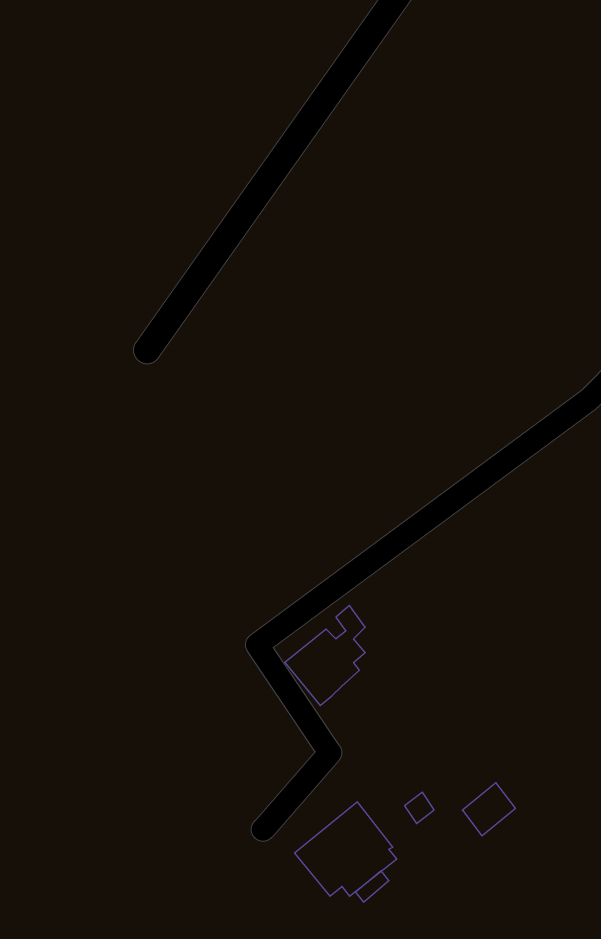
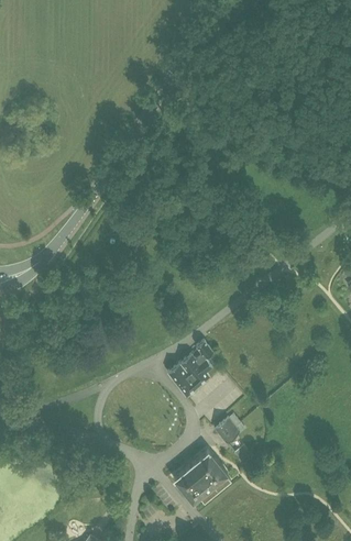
building: [462,783,515,836] -> [215,413,244,443]

